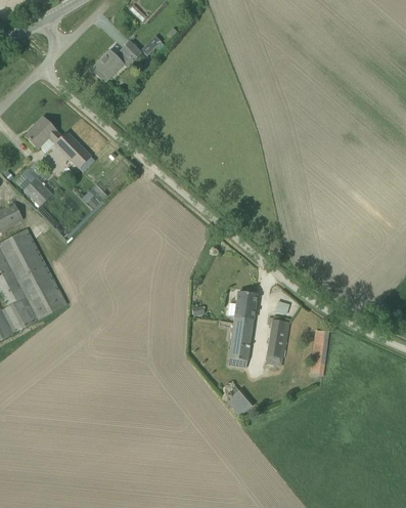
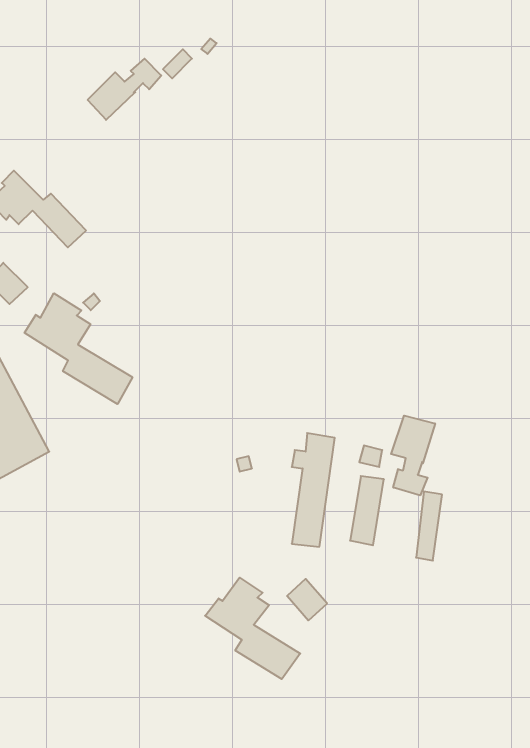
building: none -> [25,293,132,404]
building: none -> [391,416,435,495]
building: none -> [205,578,300,679]

